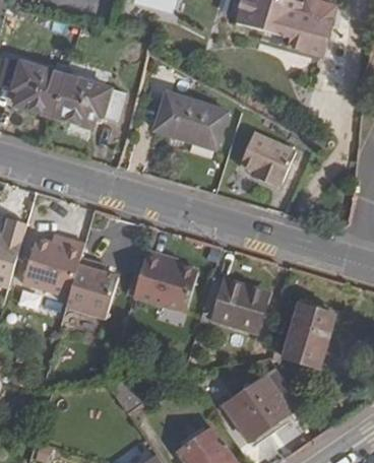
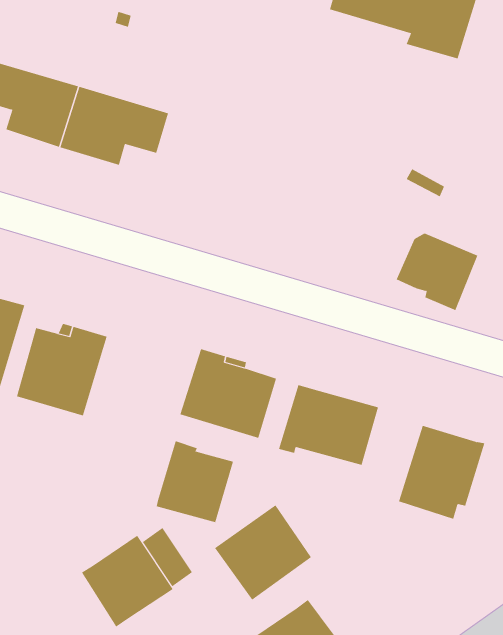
building: [154,91,228,145] -> none
building: [238,134,294,187] -> [396,233,478,311]
building: [67,257,120,313] -> [156,441,234,523]
building: [224,376,290,441] -> [214,505,312,601]
building: none -> [81,535,174,628]

